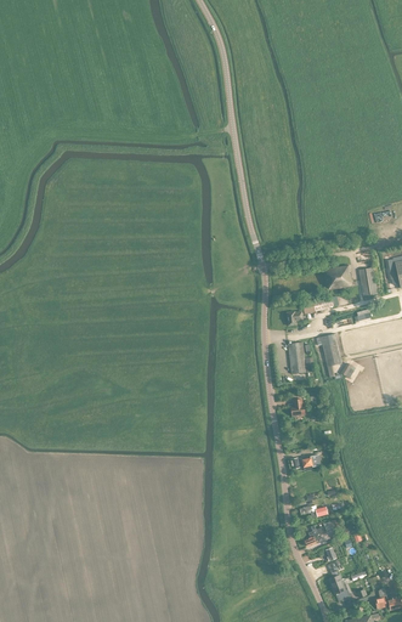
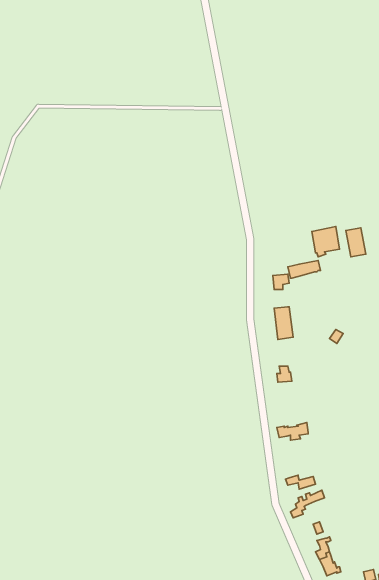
building: [316,333,341,377] -> none

